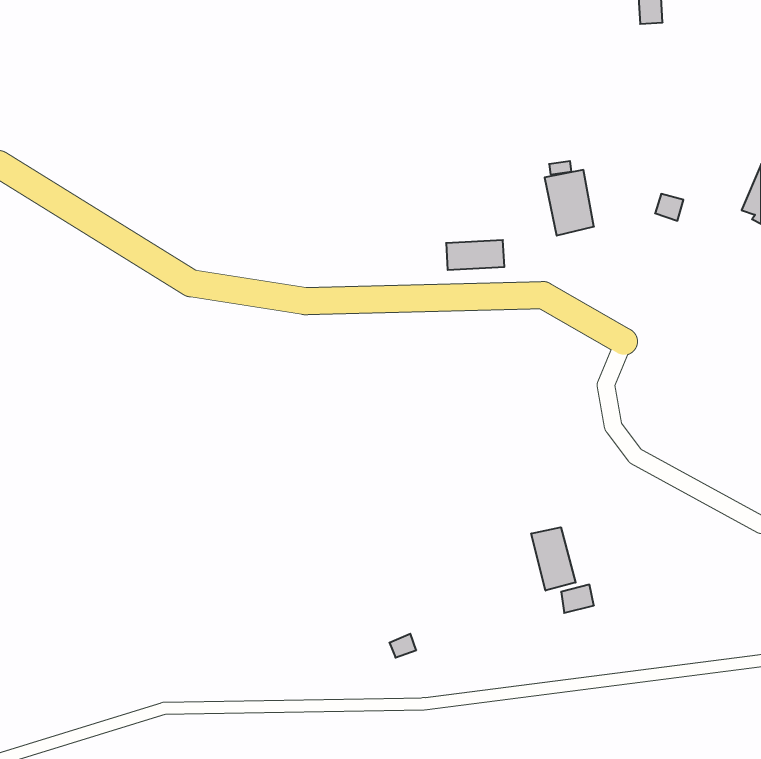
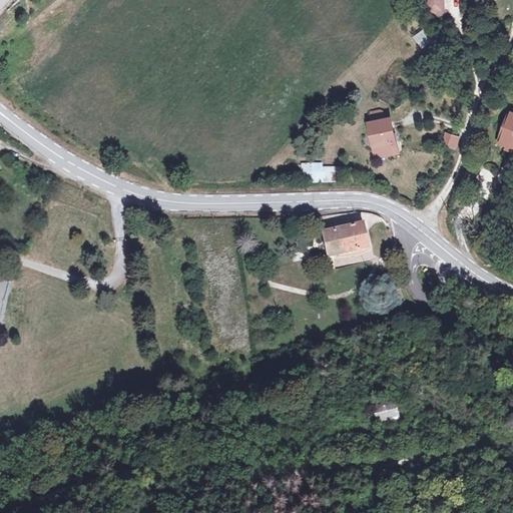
building: none -> [322,222,366,254]
building: [531,527,576,591] -> none

